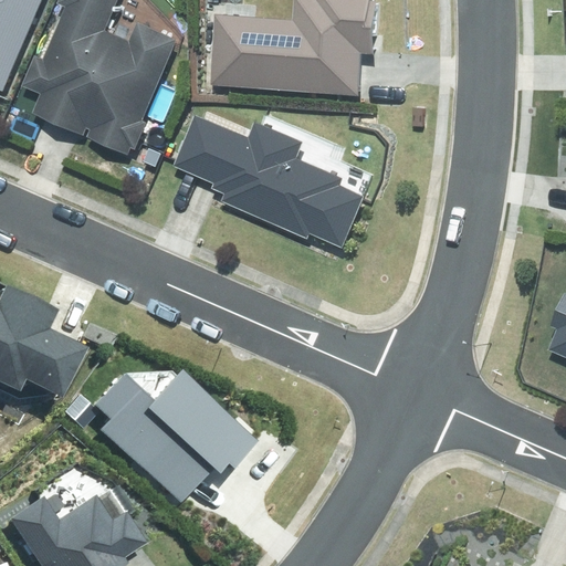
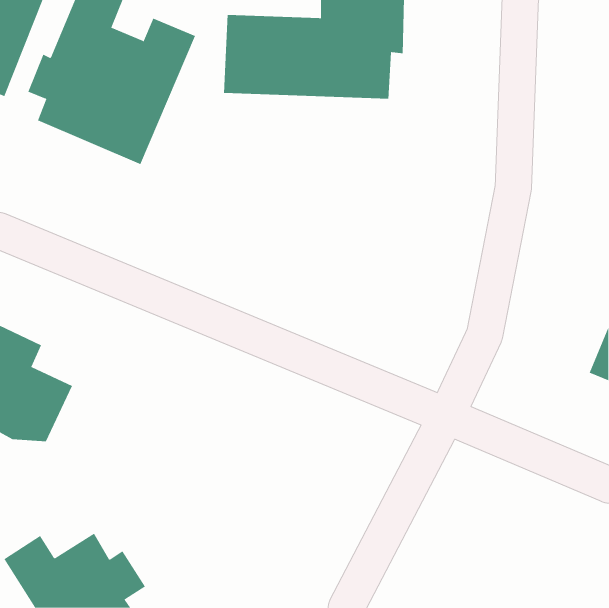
building: [178,112,367,244] -> none
building: [83,370,251,507] -> none

